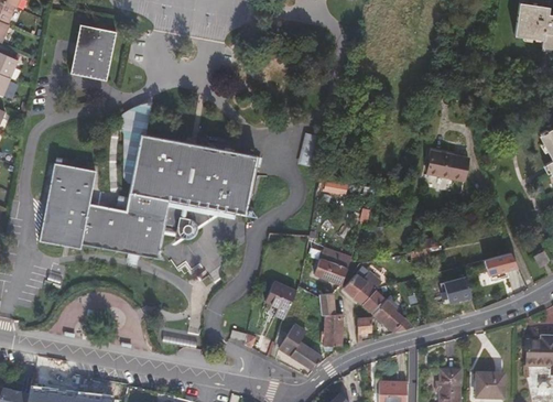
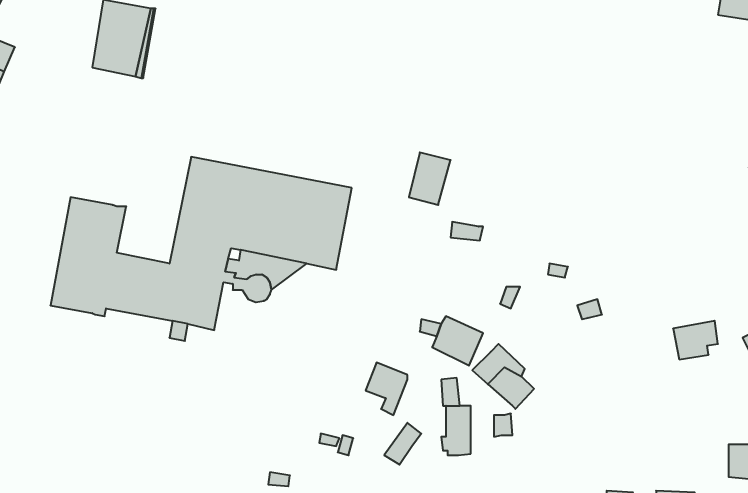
building: [427,152,468,181] -> none
building: [443,274,473,302] -> none
building: [372,296,412,334] -> none
building: [289,340,323,369] -> none

